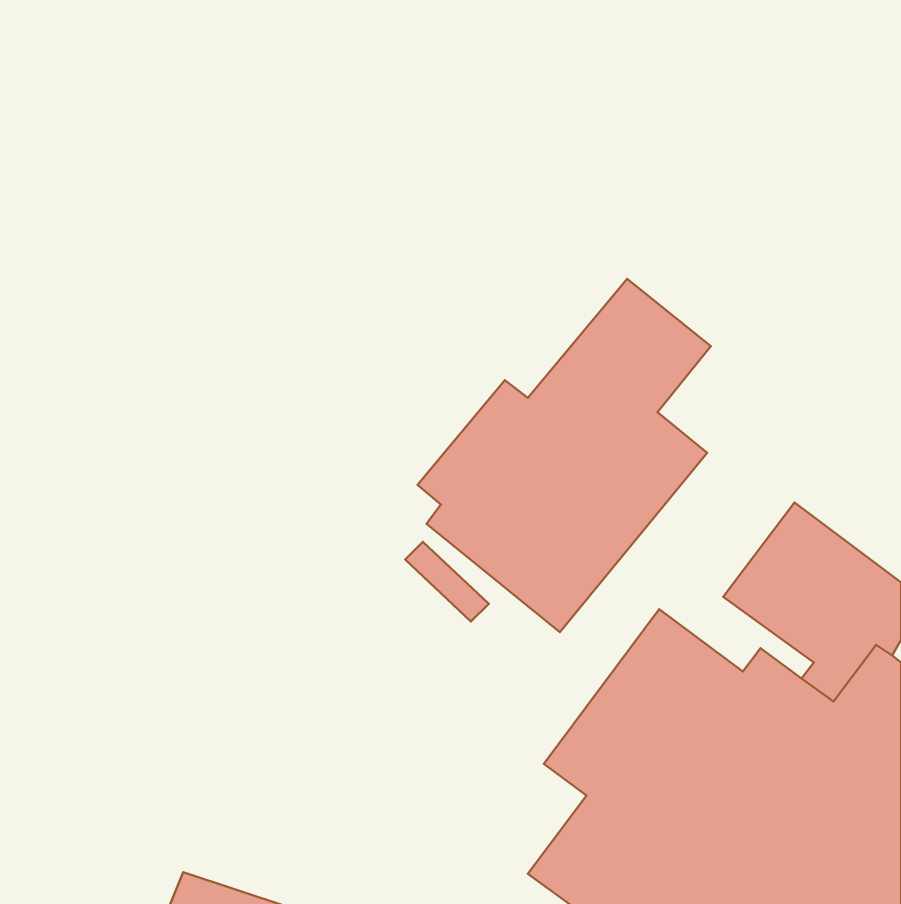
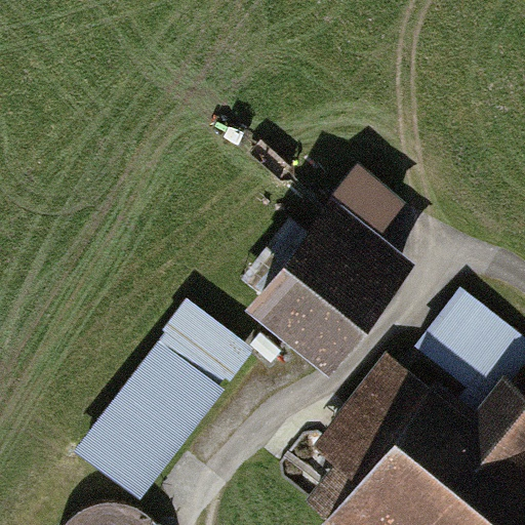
building: none -> [75,299,251,500]

